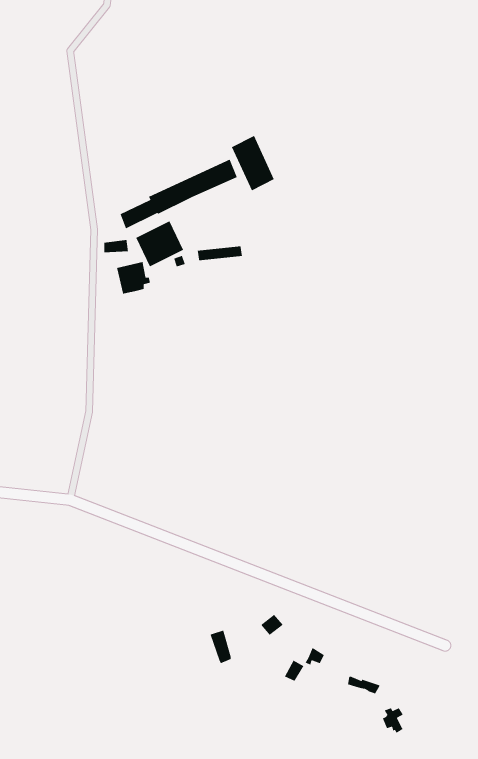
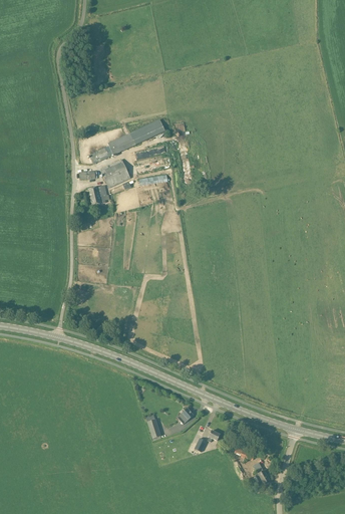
building: [231,135,275,192] -> none

